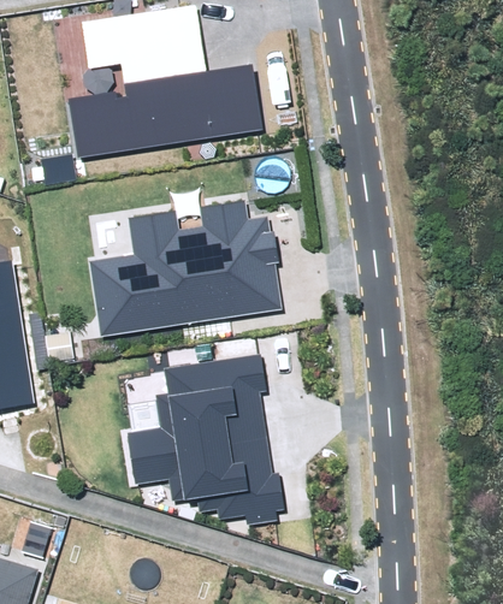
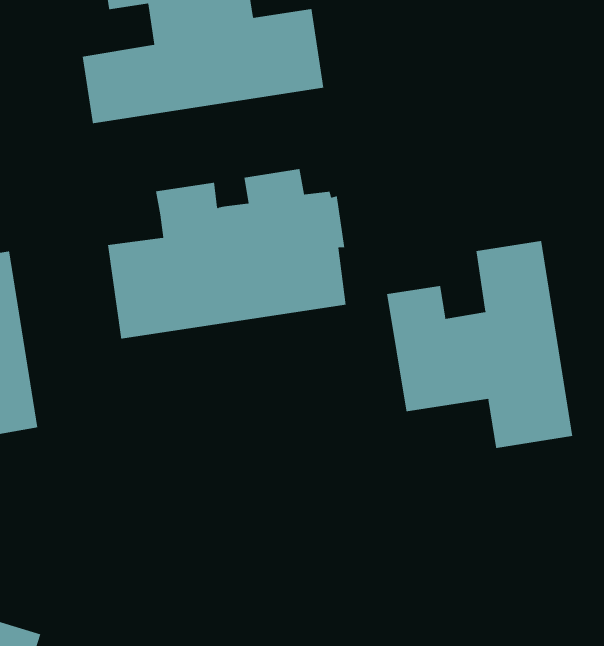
building: none -> [386,240,573,449]
building: [128,355,284,525] -> none

